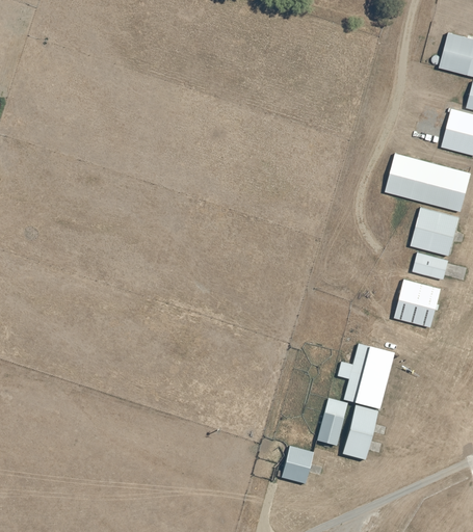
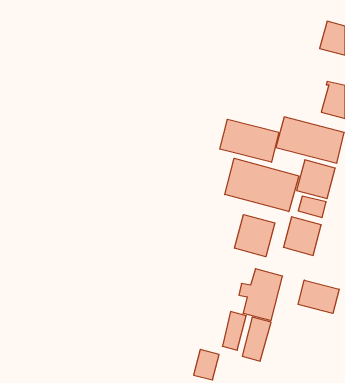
building: none -> [220,119,279,162]
building: none -> [225,158,299,212]
building: none -> [235,215,275,257]
building: none -> [298,280,339,313]

